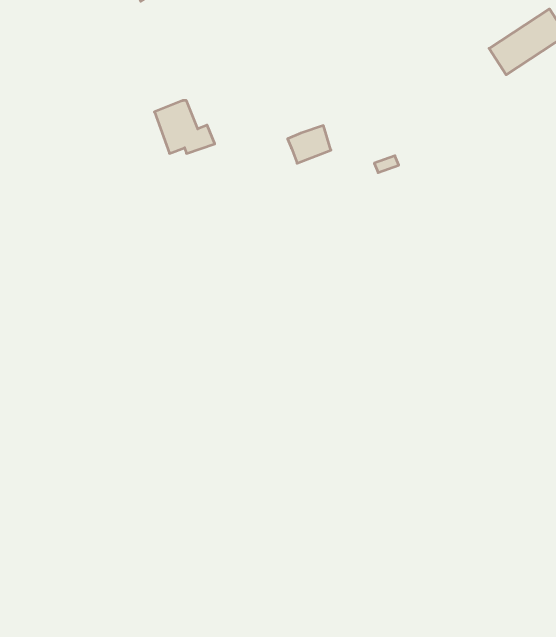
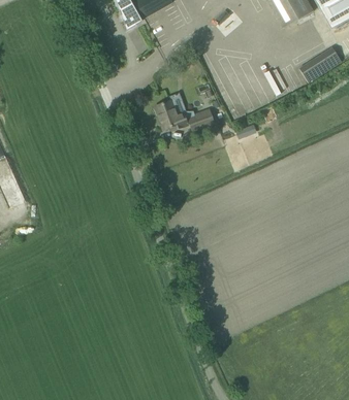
building: [154,101,215,153] -> [156,98,189,127]

